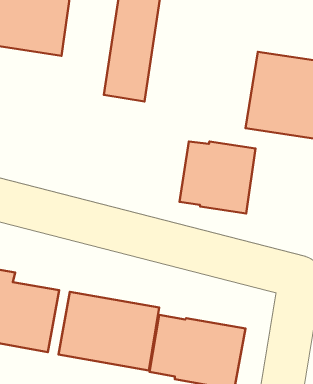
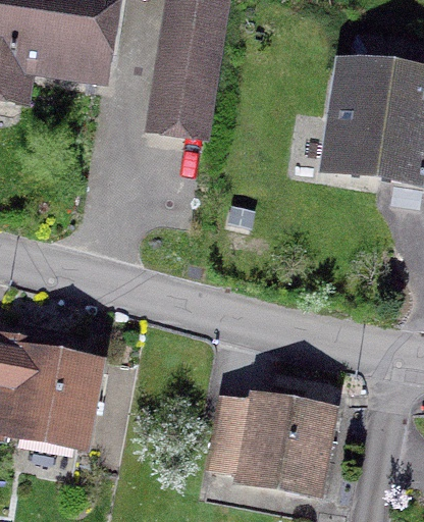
building: [180,141,256,213] -> none
building: [59,292,159,371] -> none

